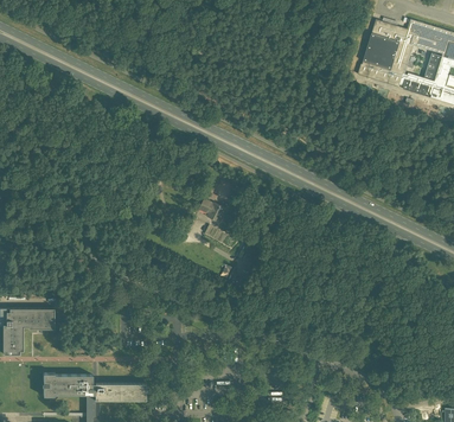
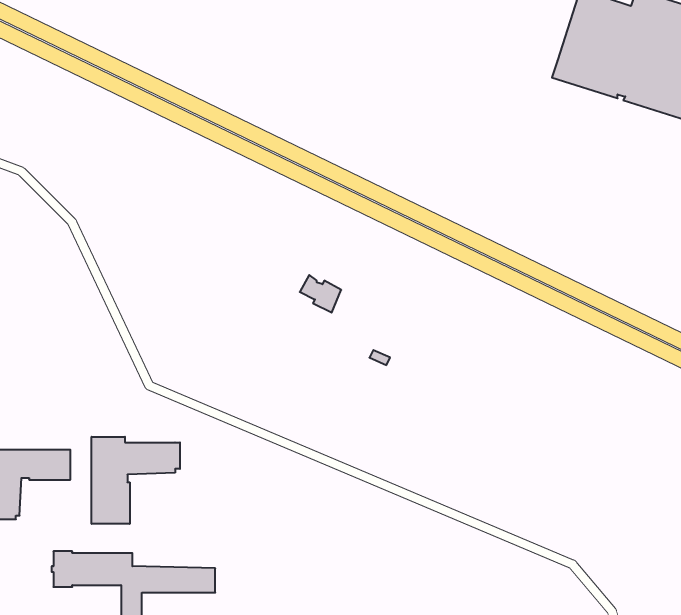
building: none -> [92,437,180,524]

